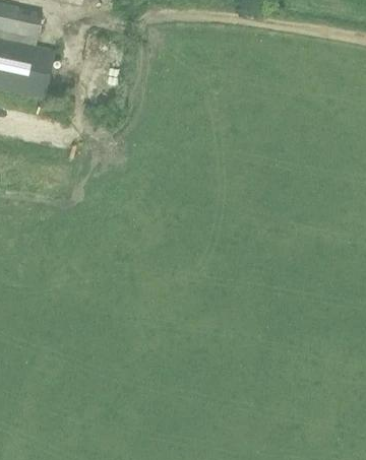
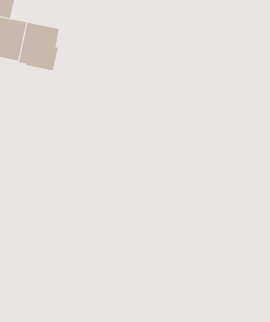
building: none -> [19,22,59,71]

